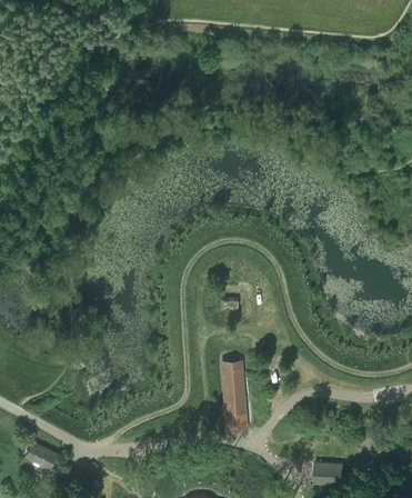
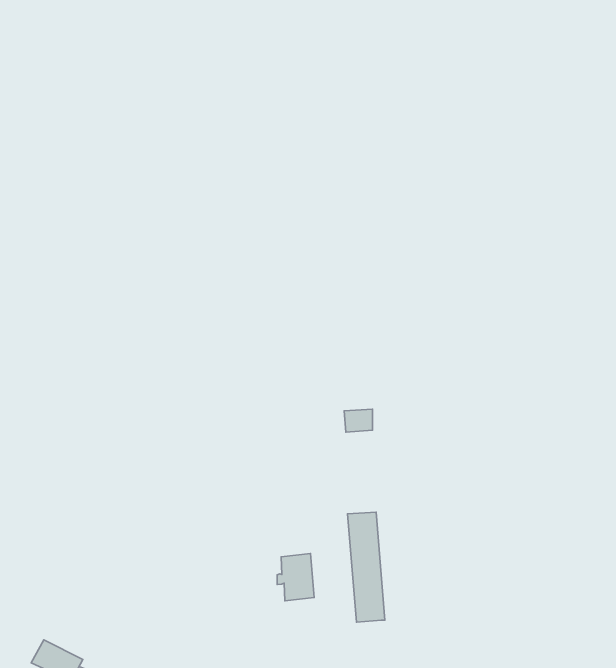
building: none -> [277,553,314,601]

